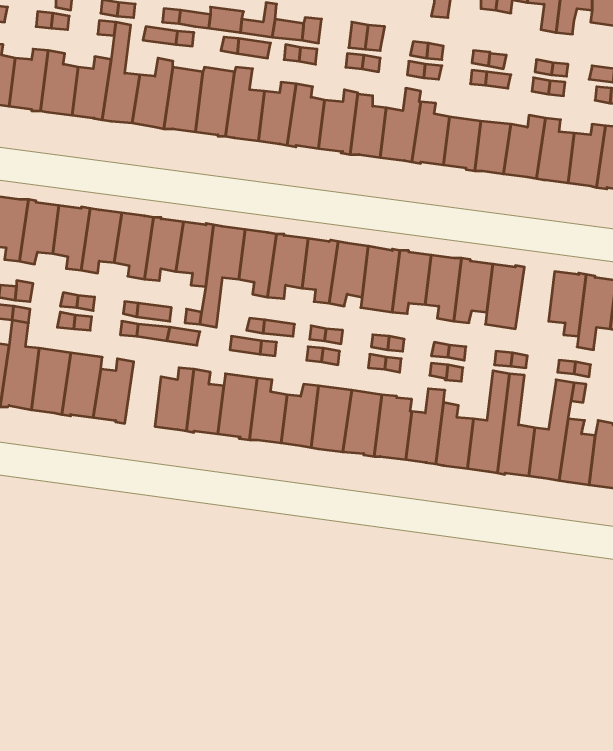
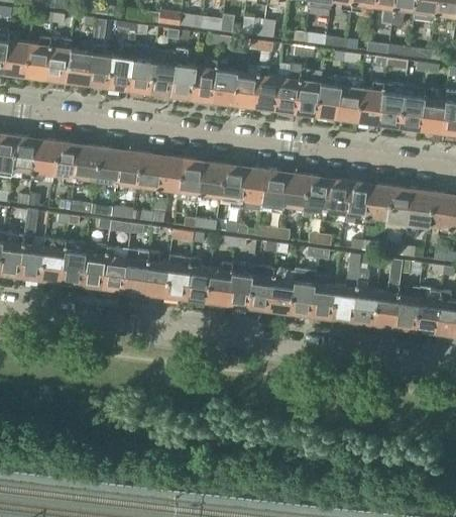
building: none -> [363,183,389,226]
building: none -> [101,246,125,290]

